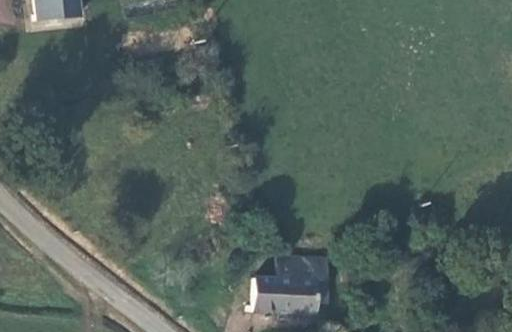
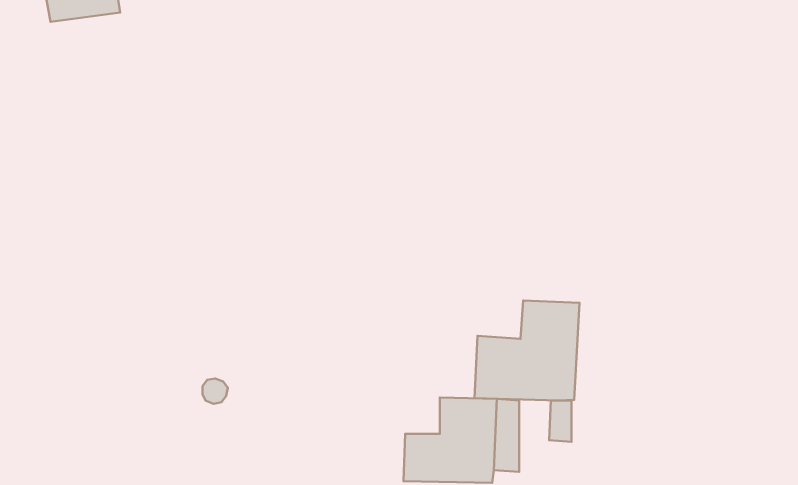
building: none -> [475,301,579,401]

